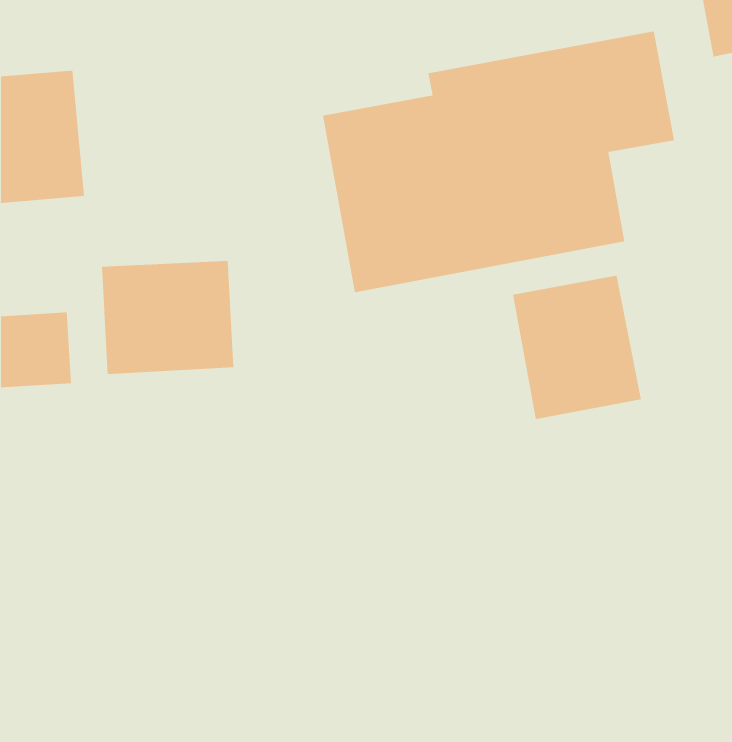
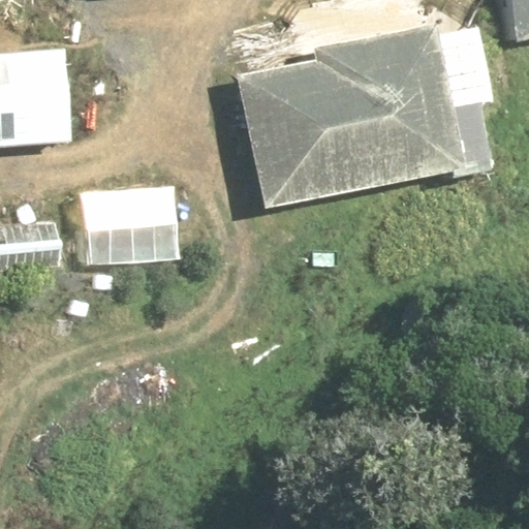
building: [512,275,641,420] -> none

